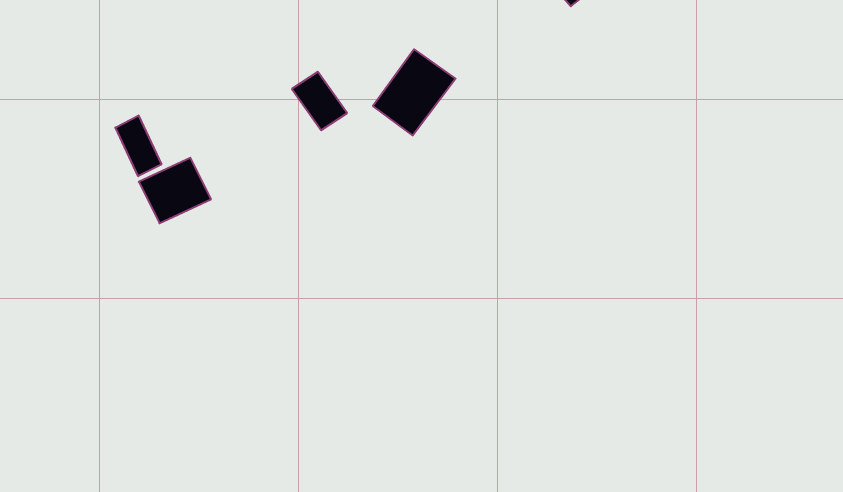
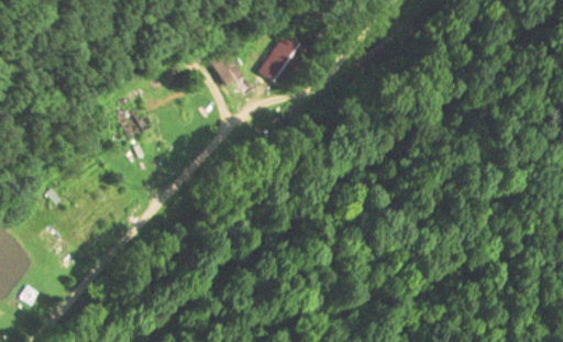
building: [115,115,161,176] -> none

